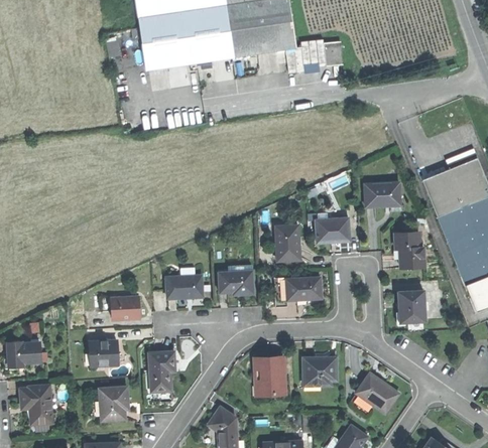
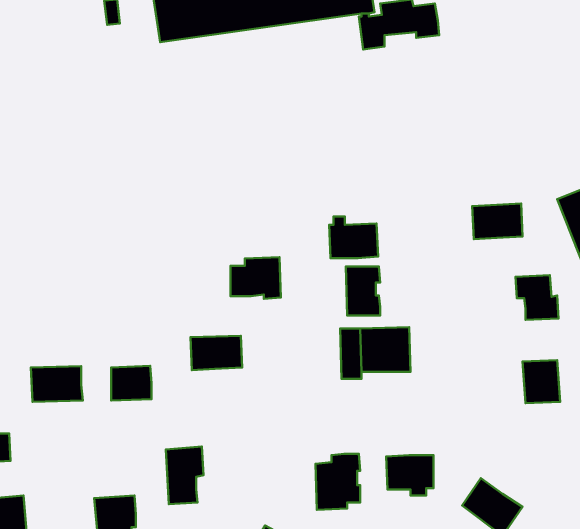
building: [316,212,350,242] -> [329,216,378,258]
building: [218,265,253,294] -> [231,257,281,299]
building: [89,340,125,365] -> [31,366,83,402]

